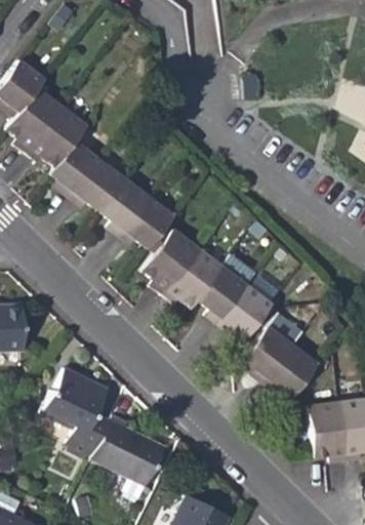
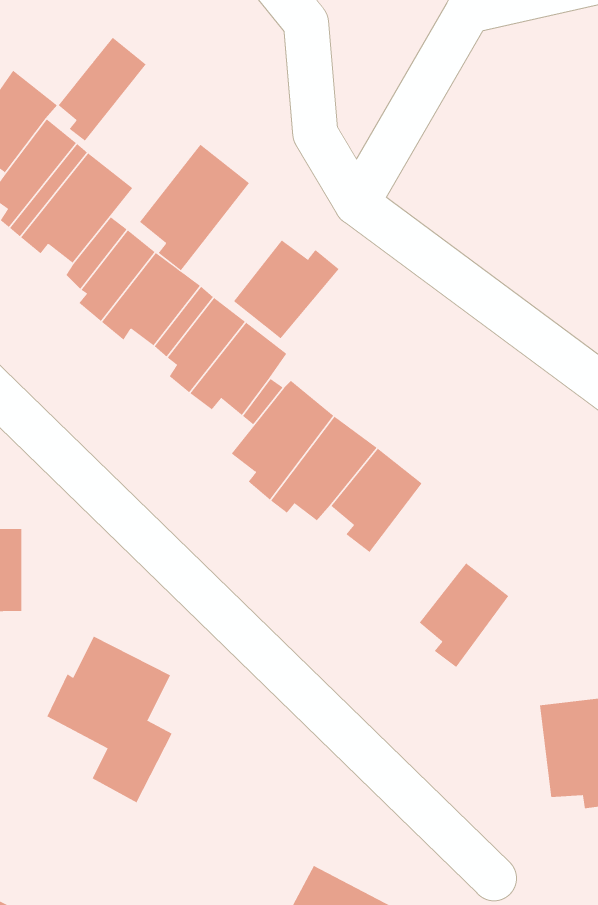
building: none -> [58,37,146,141]
building: none -> [139,144,250,271]
building: none -> [233,240,340,339]
building: [216,283,271,336] -> none
building: [263,345,318,397] -> none
building: [88,416,161,489] -> none

